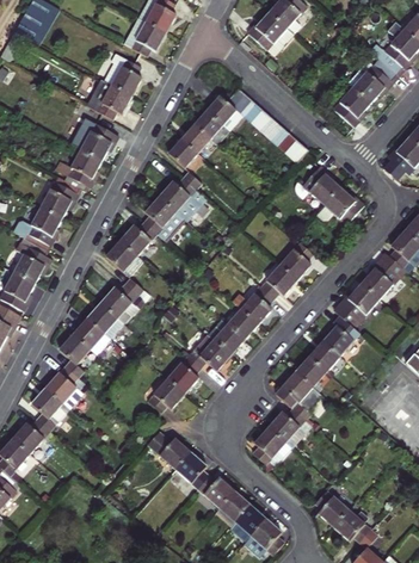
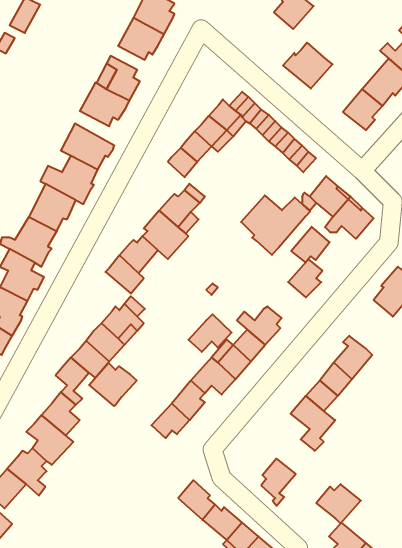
building: [244,14,290,57] -> [283,43,333,89]
building: none -> [241,195,310,255]
building: [260,266,296,299] -> [291,227,330,263]
building: [332,283,377,328] -> none
building: none -> [188,314,232,352]
building: none -> [89,363,137,406]
building: [269,413,310,450] -> [316,484,361,524]
building: [154,434,191,468] -> none

